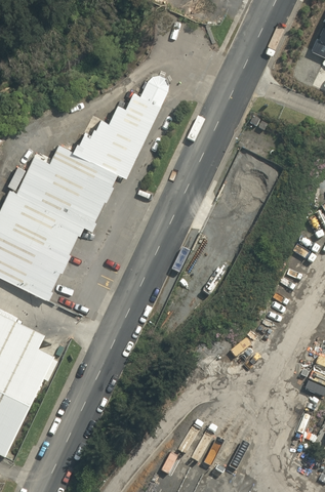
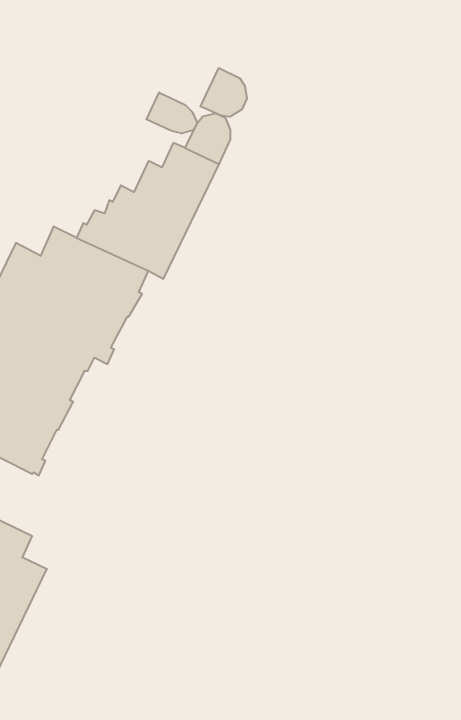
building: none -> [200,68,247,117]
building: none -> [146,92,197,134]

